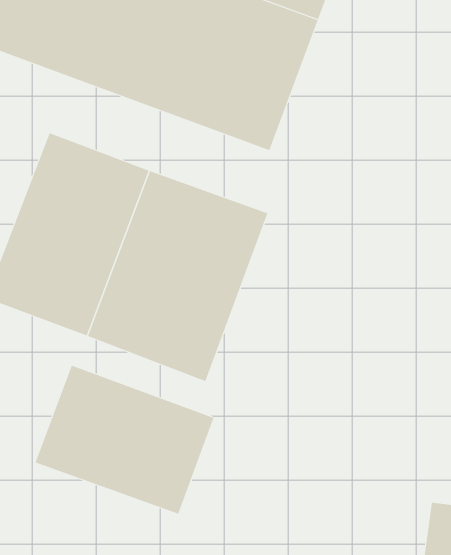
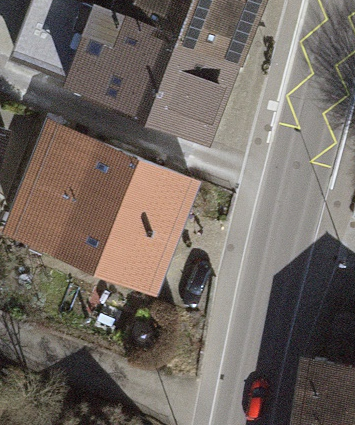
building: [35,365,214,514] -> none

